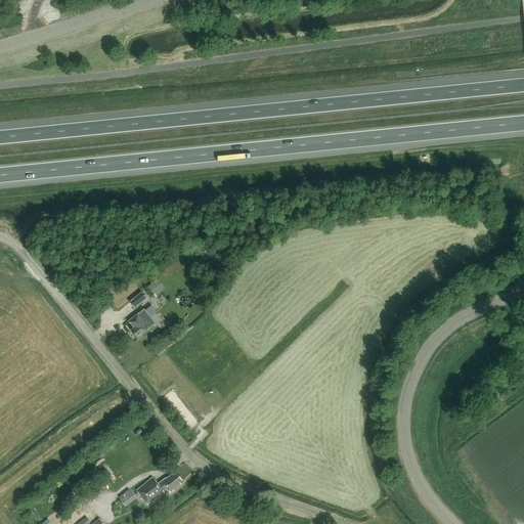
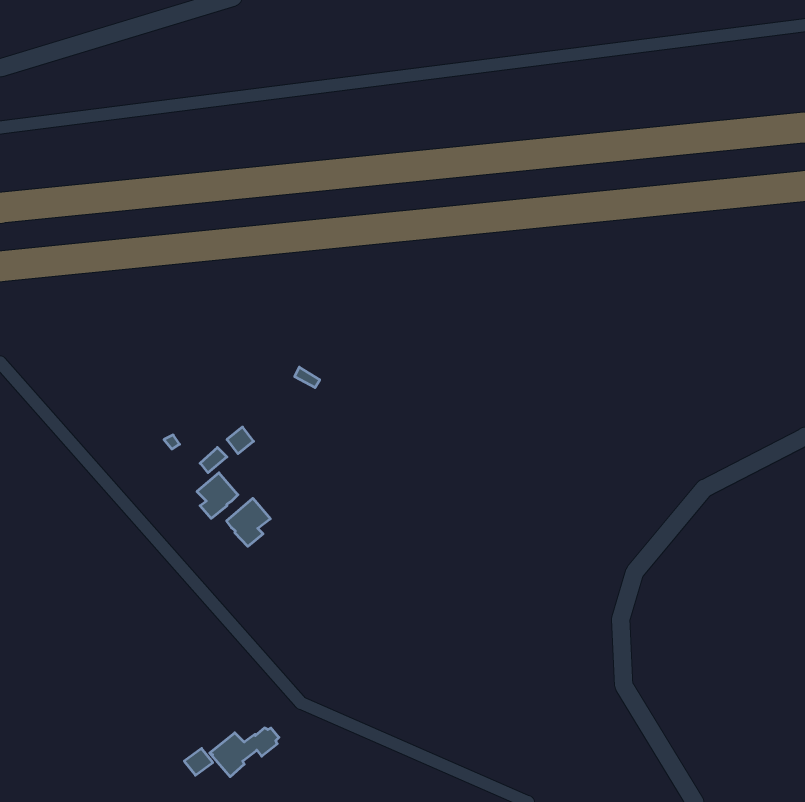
building: none -> [227,498,270,546]

